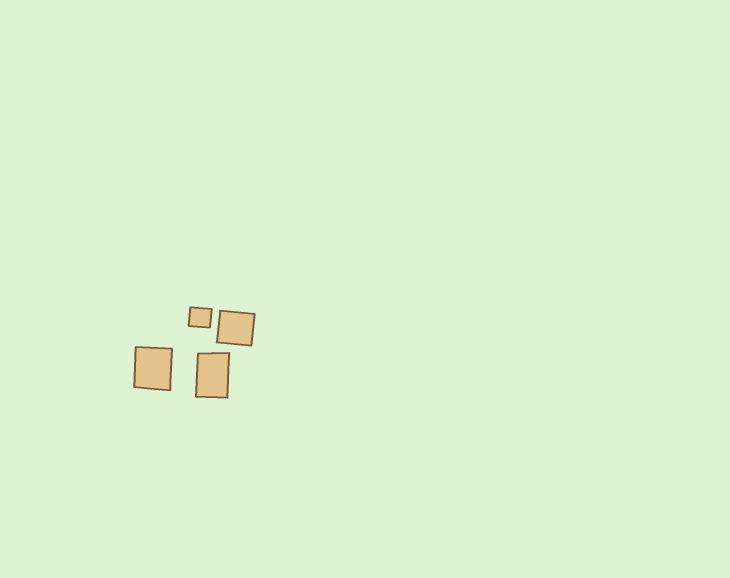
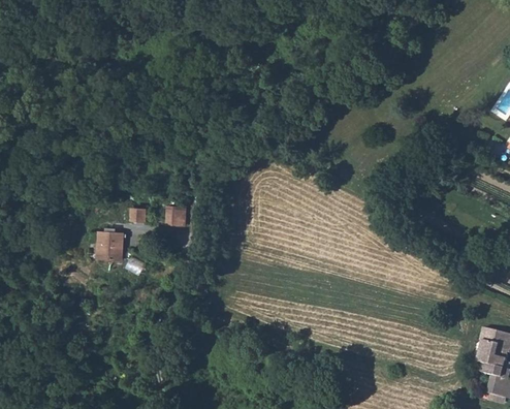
building: [196,353,229,398] -> none

